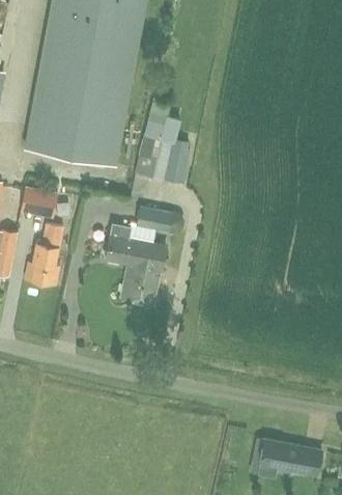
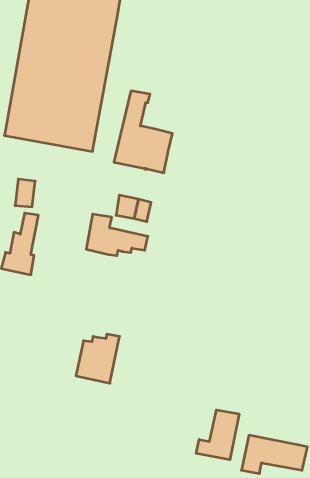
building: [122,259,165,307] -> [76,334,120,383]
building: none -> [196,410,239,460]

